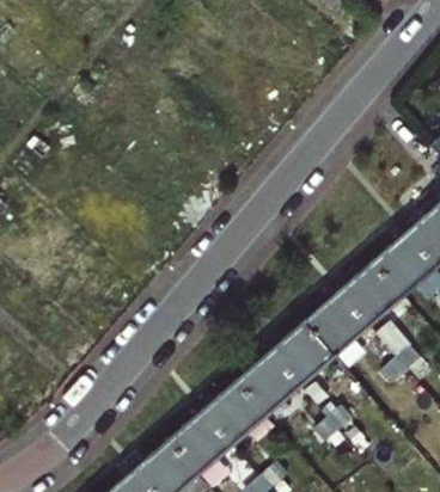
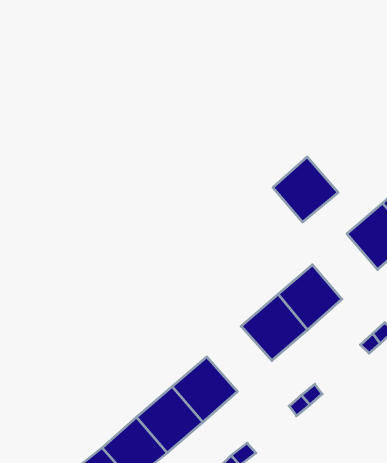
building: [338,263,402,326] -> [273,157,338,222]
building: [236,352,299,416] -> none

